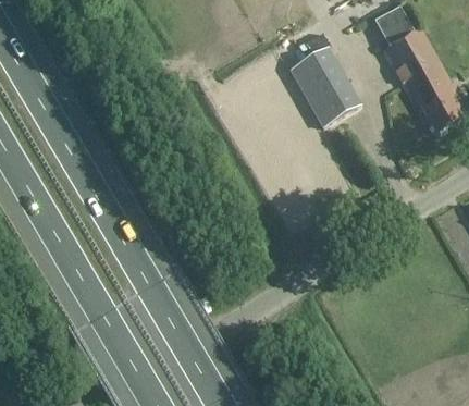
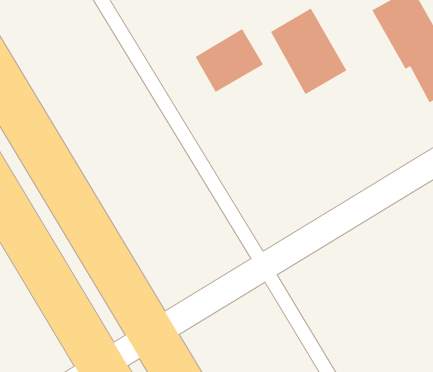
building: none -> [195,28,264,93]

